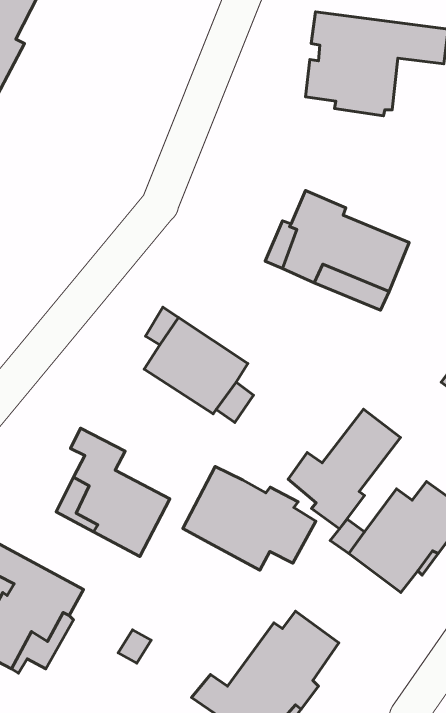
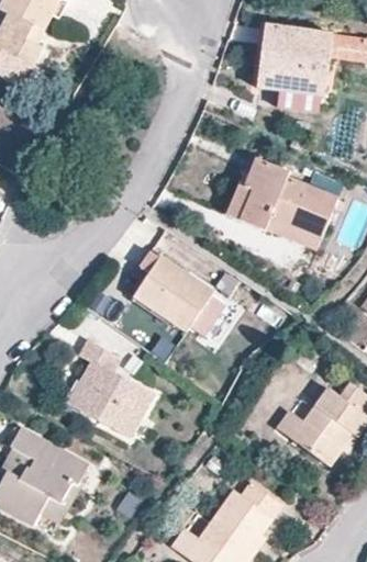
building: [288,409,400,529] -> none
building: [183,467,316,570] -> none

